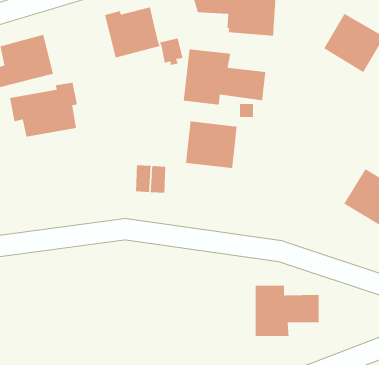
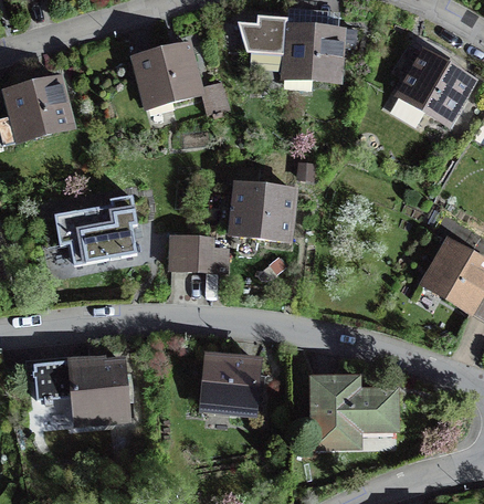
building: [183,48,266,105] -> none
building: [9,82,78,138] -> [54,196,137,263]
building: none -> [203,356,259,411]
building: none -> [33,358,127,421]

